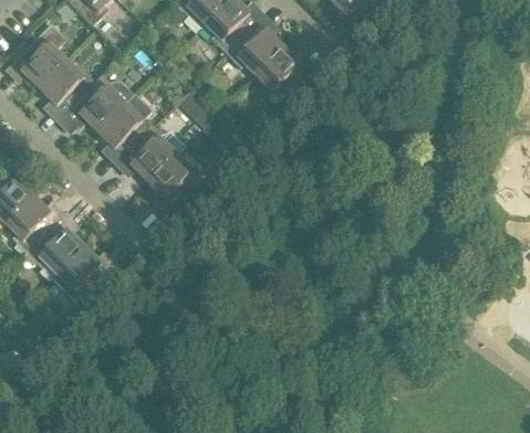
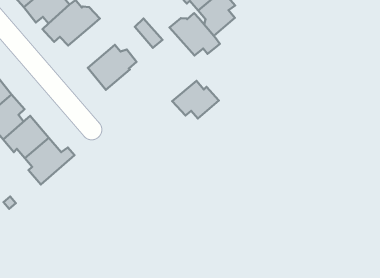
building: none -> [169,13,220,56]
building: [96,92,154,154] -> none
building: [147,151,205,198] -> [172,81,219,118]

